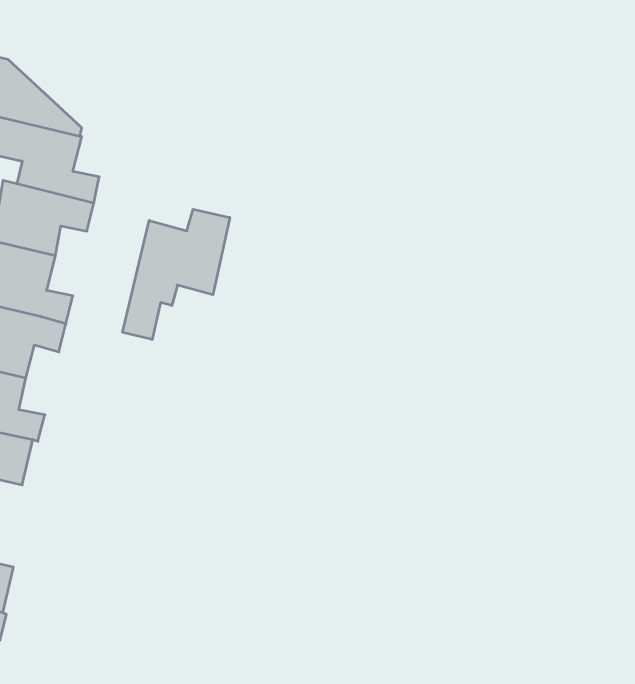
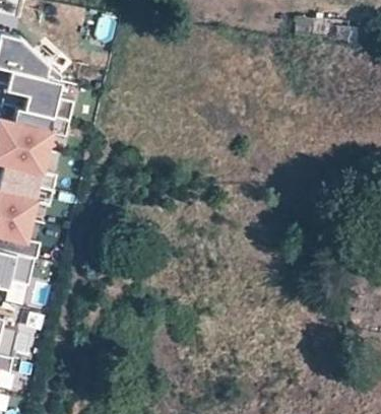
building: [123,209,230,340] -> none

